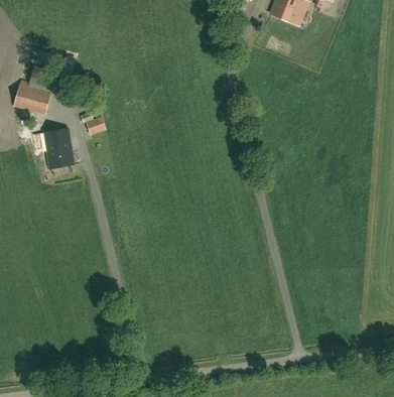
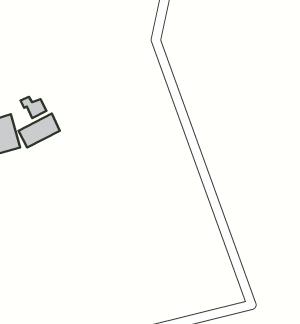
building: none -> [18,114,60,148]

